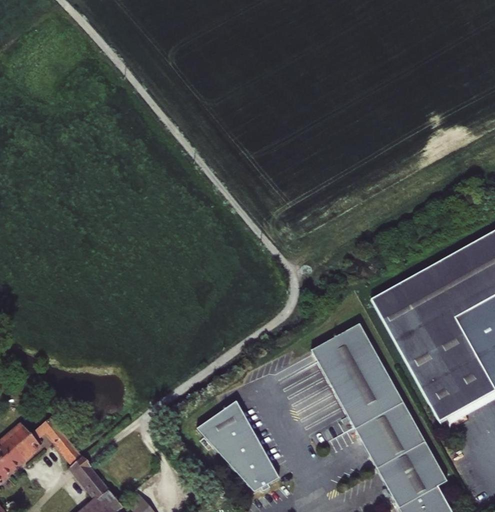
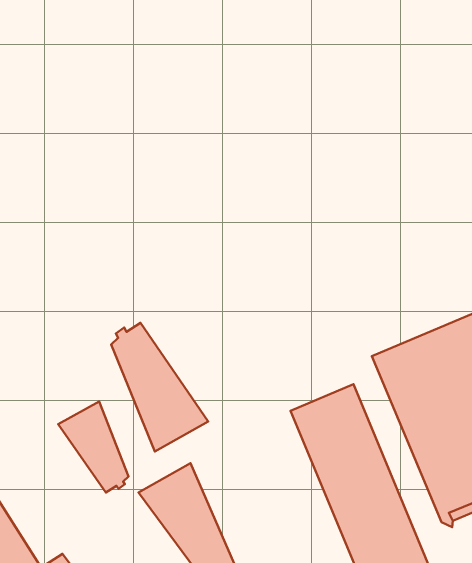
building: none -> [111,323,208,451]
building: none -> [58,401,129,493]

